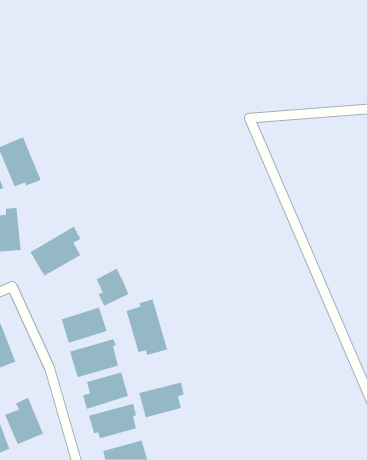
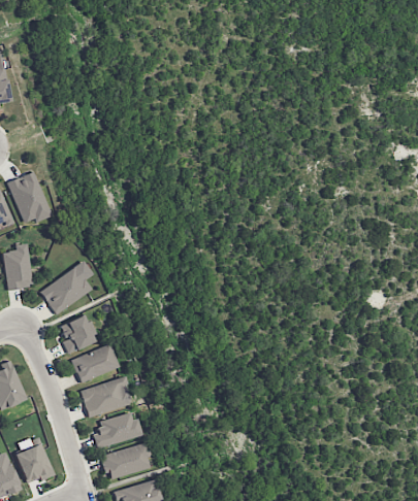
building: [96,268,129,306] -> [61,314,95,354]
building: [126,298,168,356] -> none
building: [139,382,184,418] -> none

